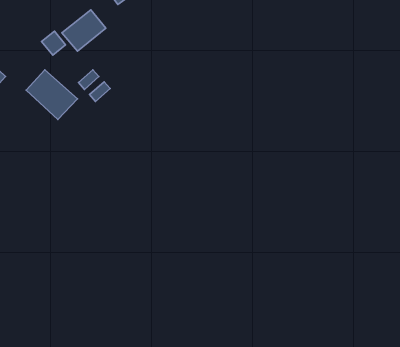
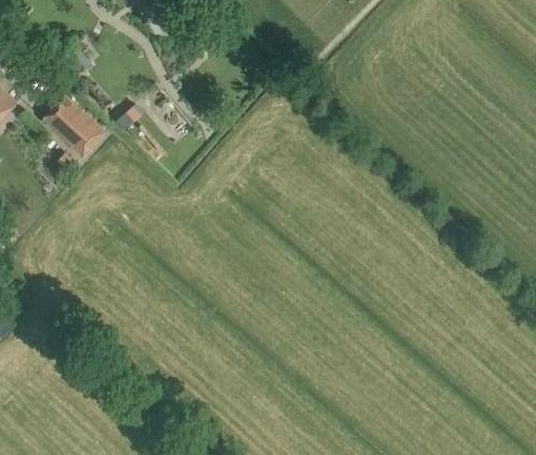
building: [62,10,106,51] -> none

